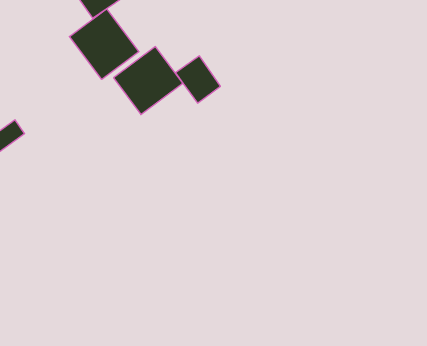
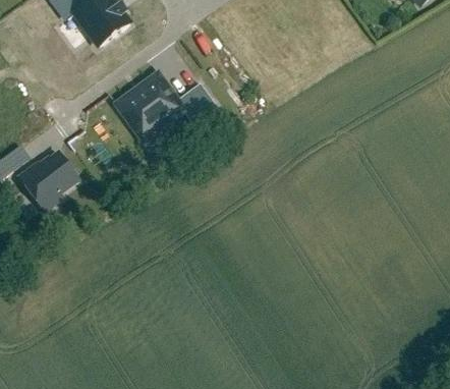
building: [69,9,139,79] -> none
building: none -> [17,152,77,210]

